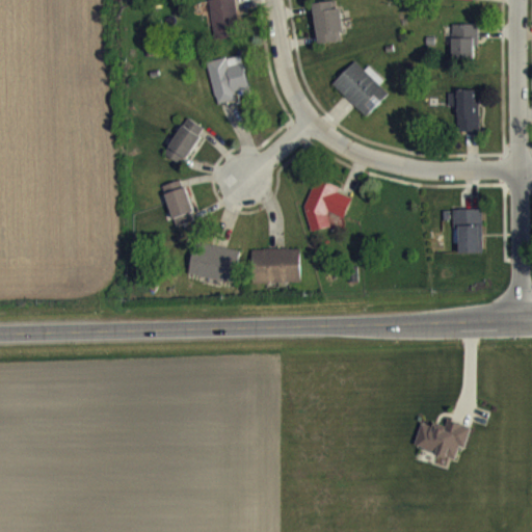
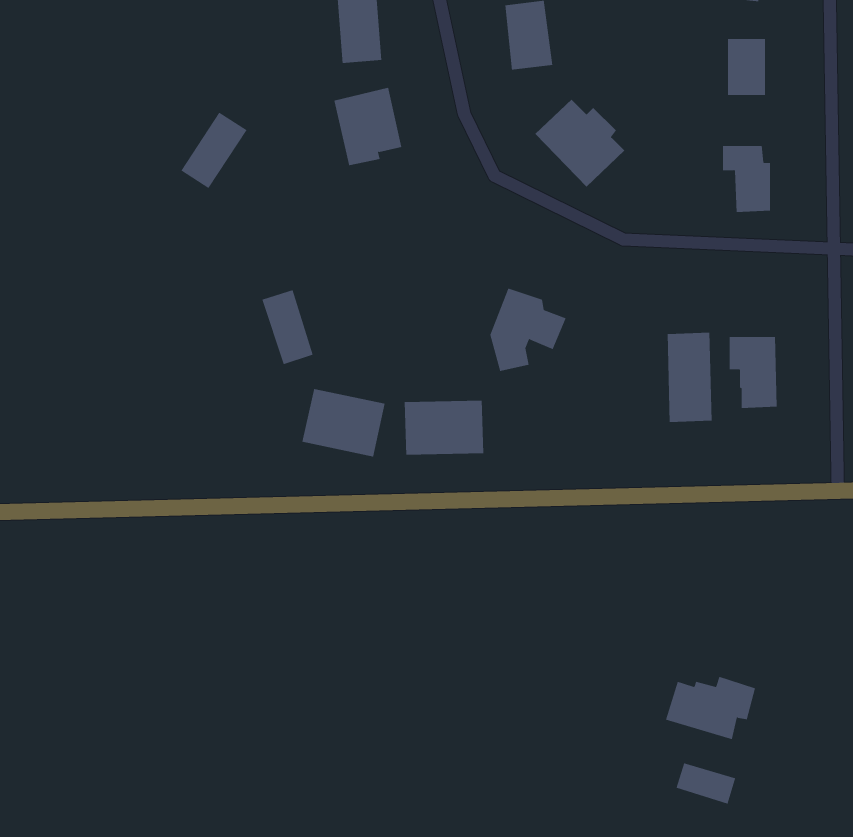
building: [163,117,205,165] -> [180,112,247,189]
building: none -> [667,332,712,423]
building: none -> [676,763,736,805]

